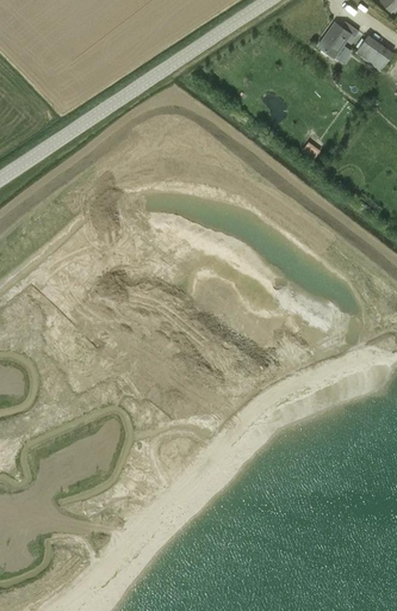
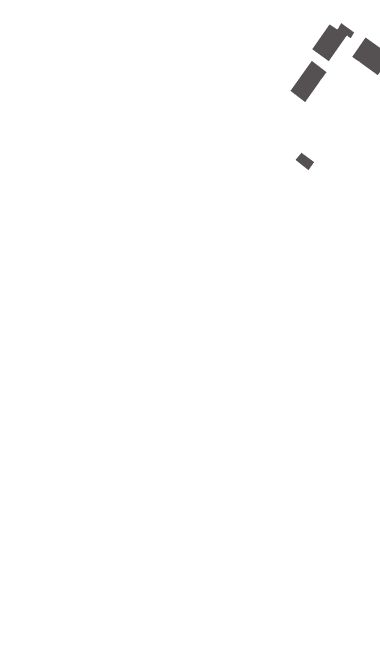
building: none -> [290,60,328,103]

